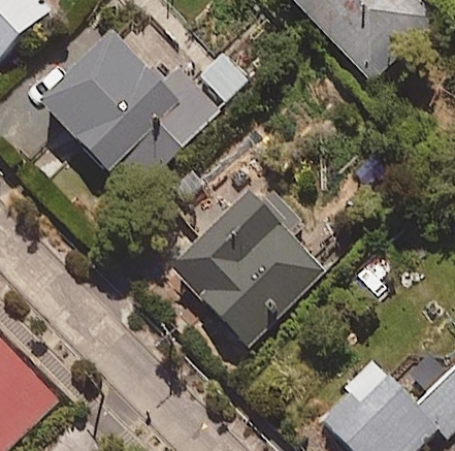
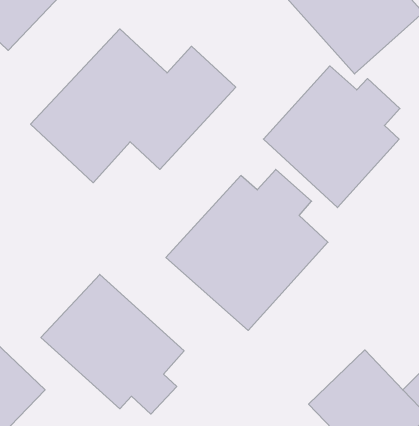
building: none -> [263,66,400,208]
building: none -> [41,274,184,414]

